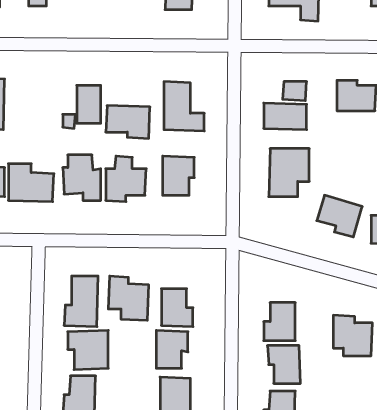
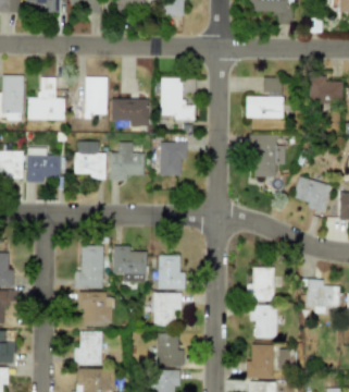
building: none -> [28,77,65,120]

